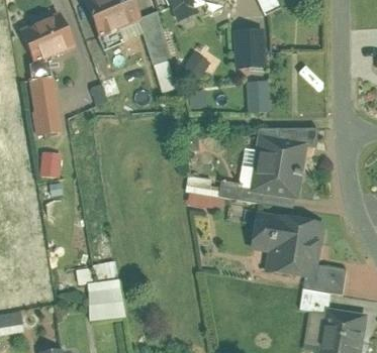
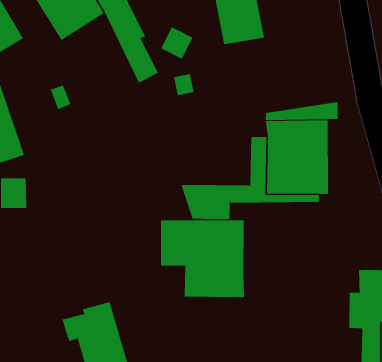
building: [248,79,272,110] -> none
building: [251,211,322,281] -> [160,220,245,297]

